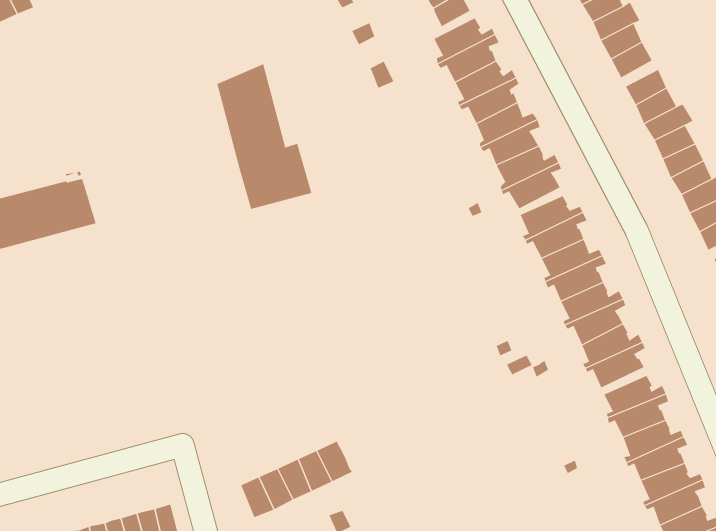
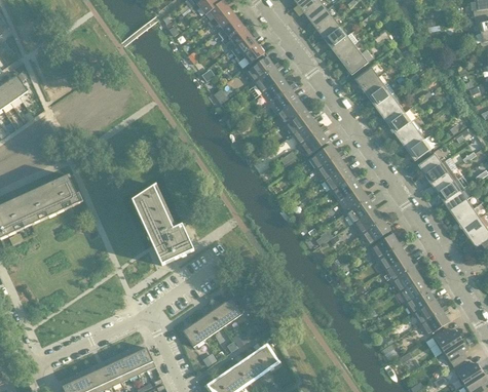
building: [217,63,312,209] -> [133,185,194,265]

